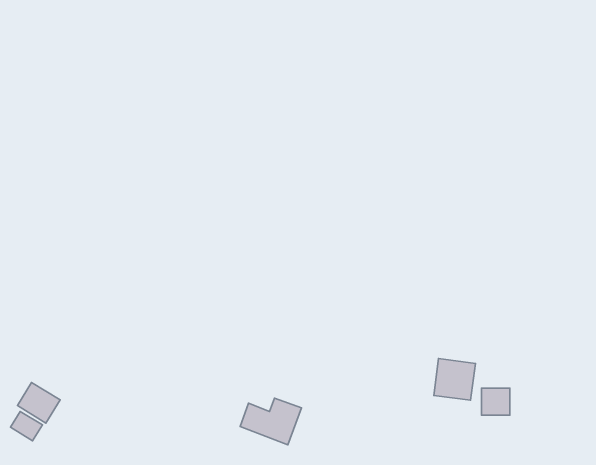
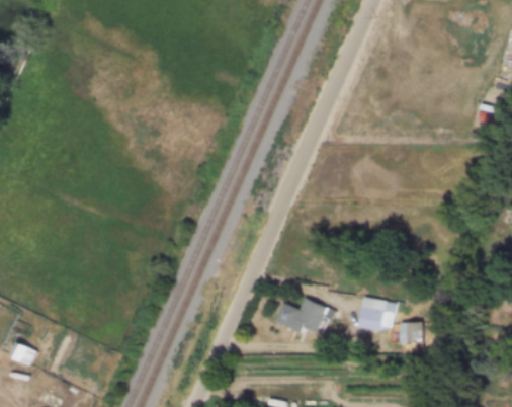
building: [17,382,60,423] -> none
building: [240,398,301,445] -> [276,299,327,337]

